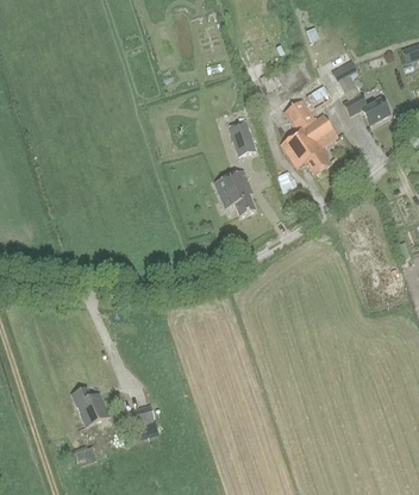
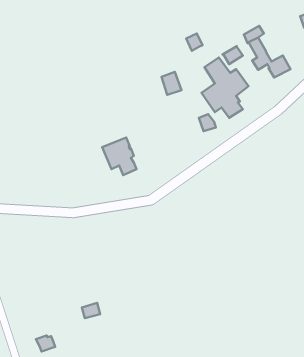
building: [213,169,256,215] -> [102,138,137,175]
building: [70,384,108,424] -> none

